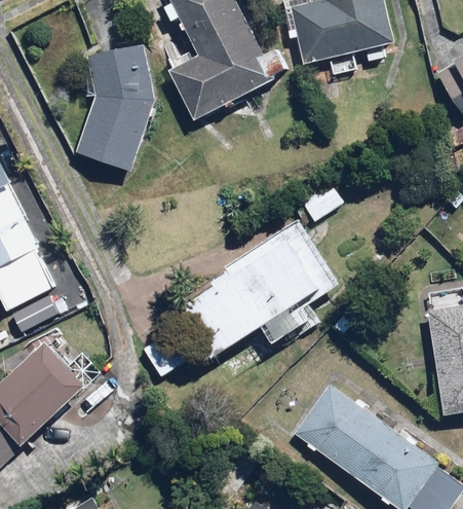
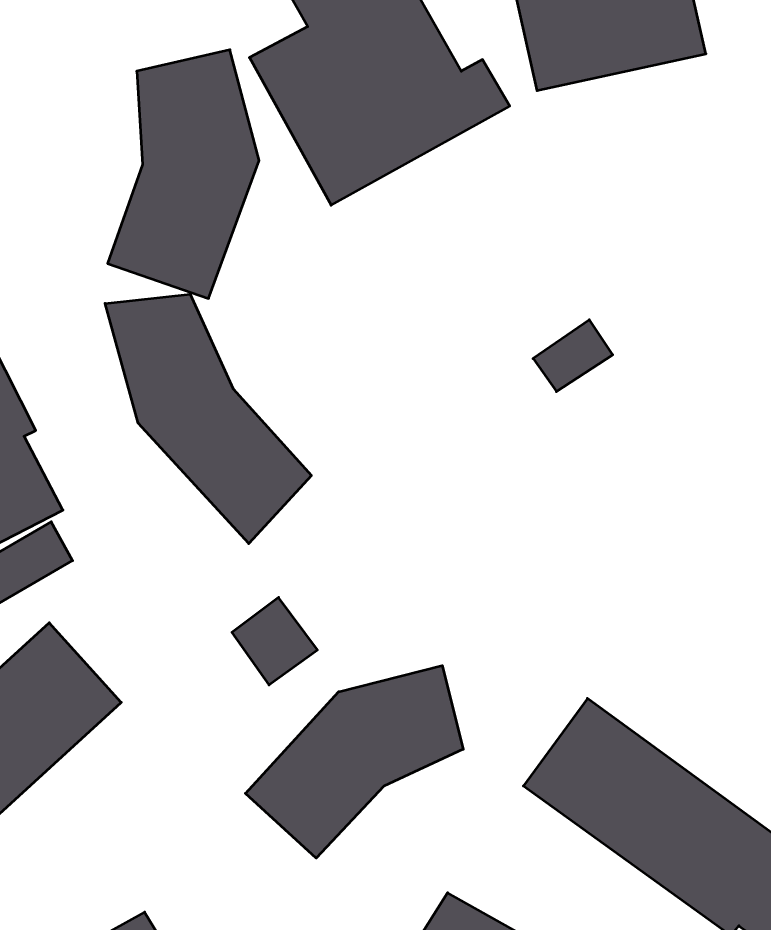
building: none -> [105,294,311,544]
building: [164,216,341,364] -> none
building: none -> [245,666,463,858]

